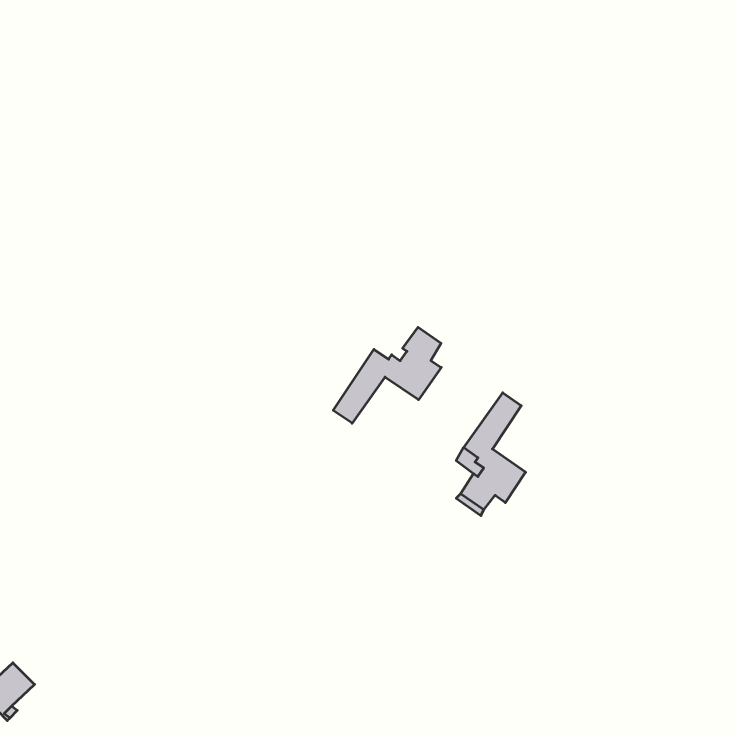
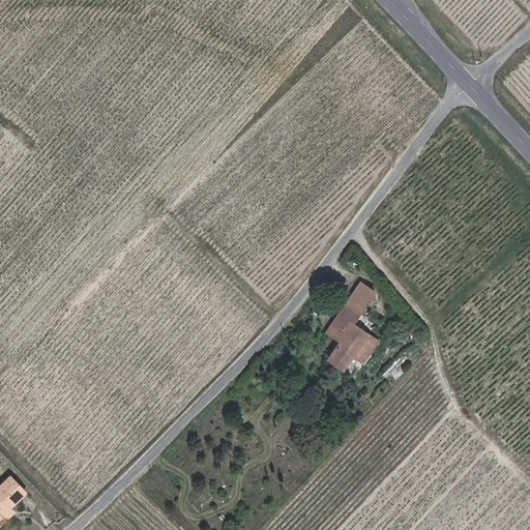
building: [333,327,441,423] -> none

